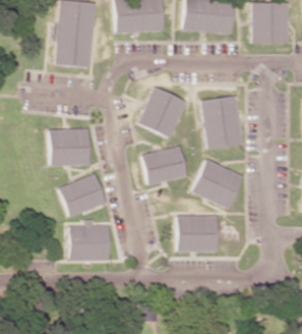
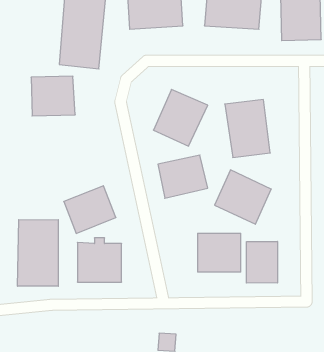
building: [48,129,87,165] -> [31,76,75,116]
building: none -> [18,220,58,286]
building: none -> [247,241,277,283]

